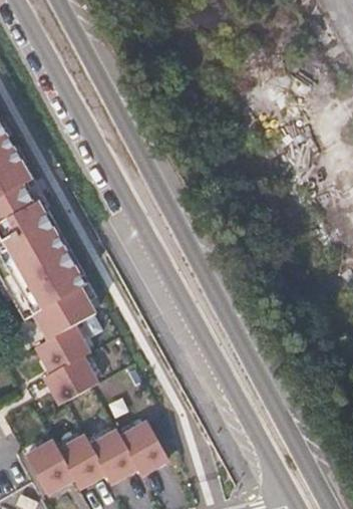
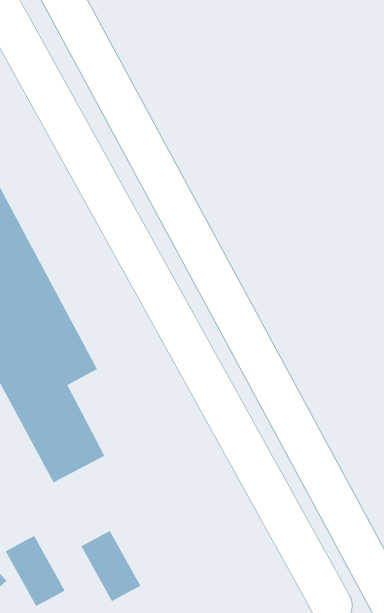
building: [115,430,163,488] -> none
building: [52,435,100,493] -> none

